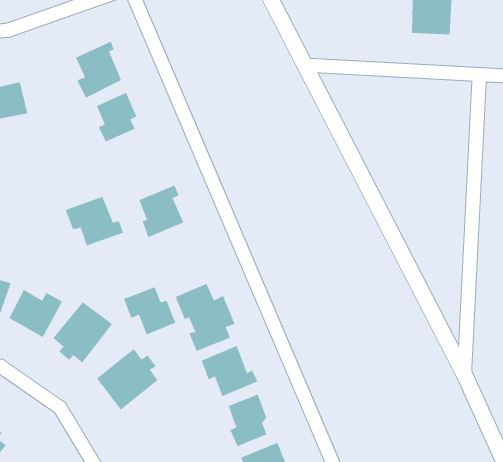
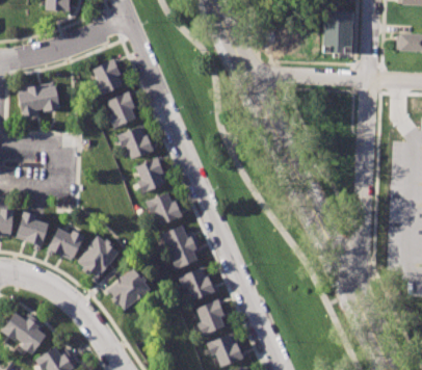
building: [65,196,124,246] -> [116,125,157,159]
building: [123,287,176,335] -> [146,192,182,226]

